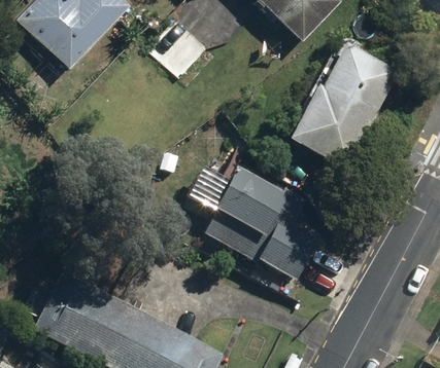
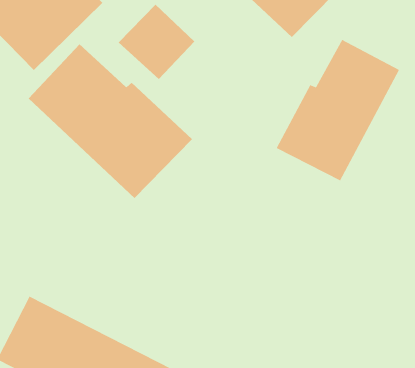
building: none -> [28,44,193,199]
building: [202,168,320,282] -> none

